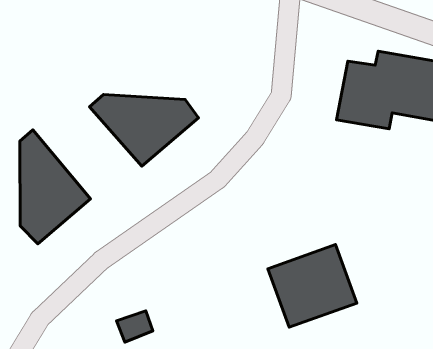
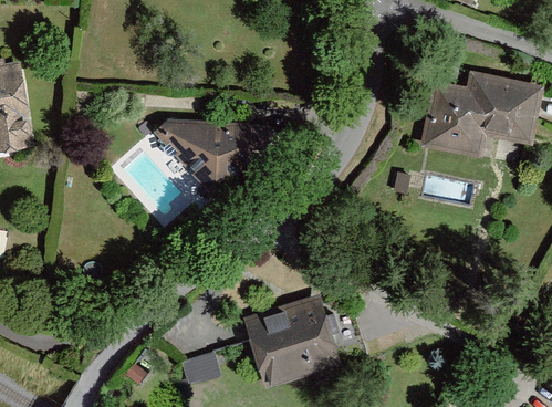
building: [20,130,91,244] -> none
building: [268,244,357,327] -> [238,293,335,384]

